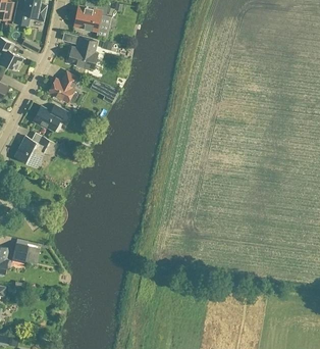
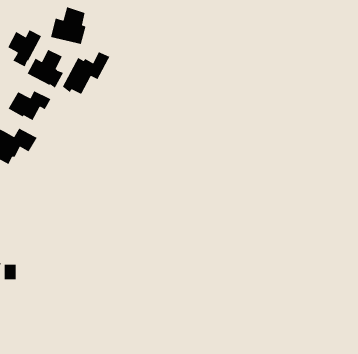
building: none -> [7,29,42,68]
building: none -> [62,51,110,97]

